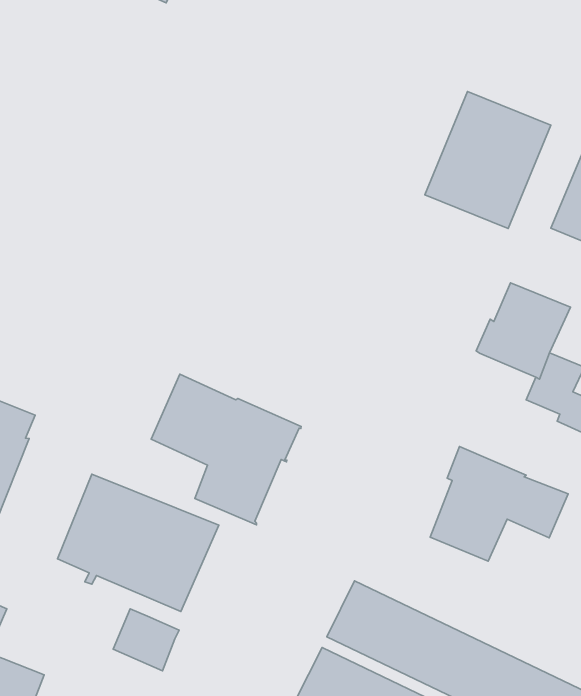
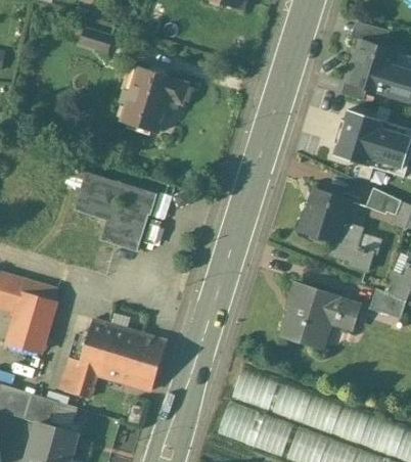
building: none -> [119,66,187,133]
building: [425,91,551,229] -> none
building: [151,374,301,525] -> [73,171,155,250]
building: [113,609,179,671] -> [59,365,95,398]

